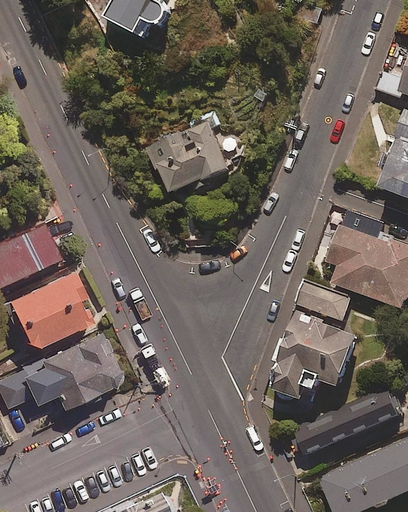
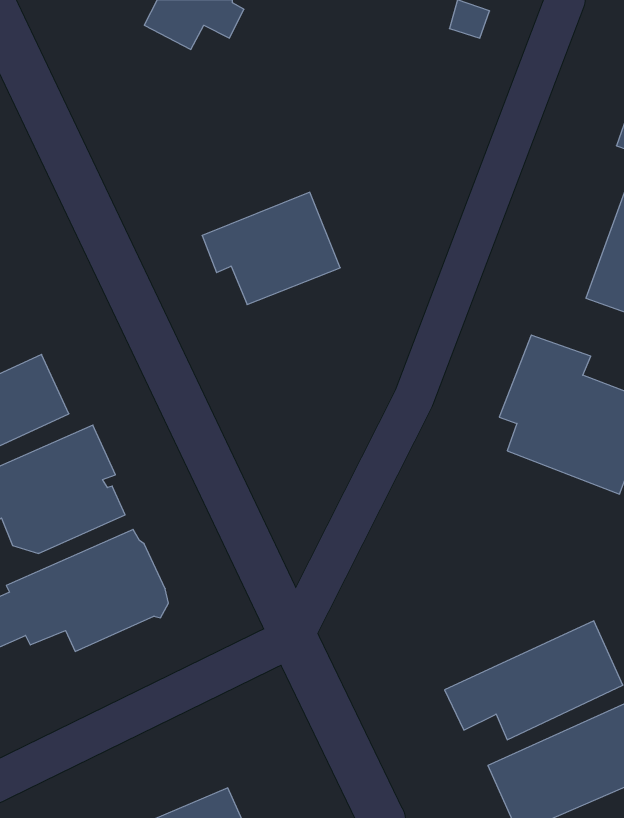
building: [295,283,348,321] -> none
building: [271,313,355,398] -> none

